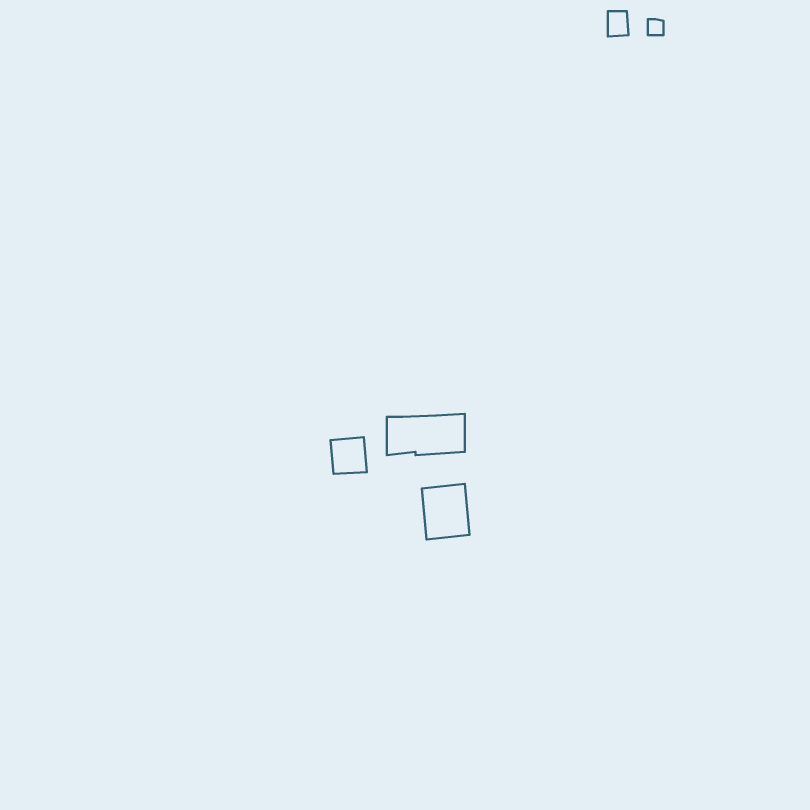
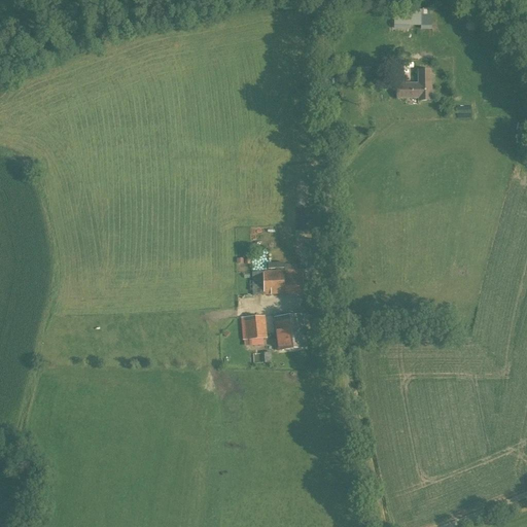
building: none -> [394,68,429,99]
building: [330,437,367,474] -> [241,314,265,338]

